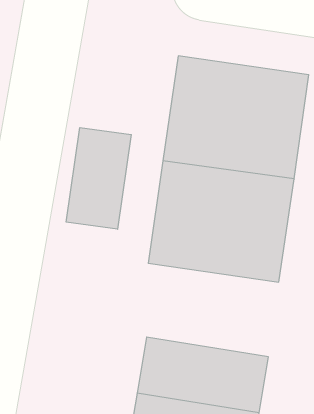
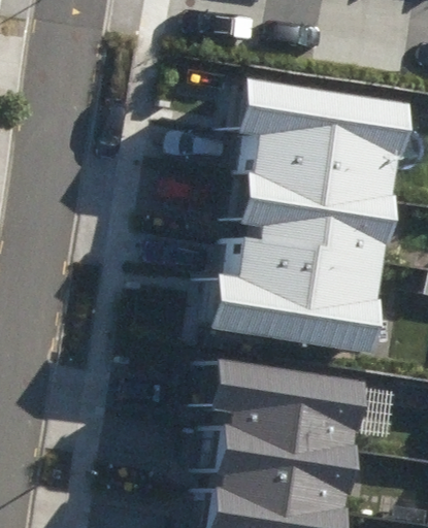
building: [66,128,131,229] -> none
building: none -> [200,352,358,442]

